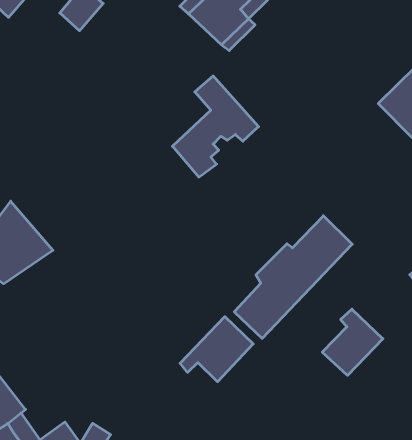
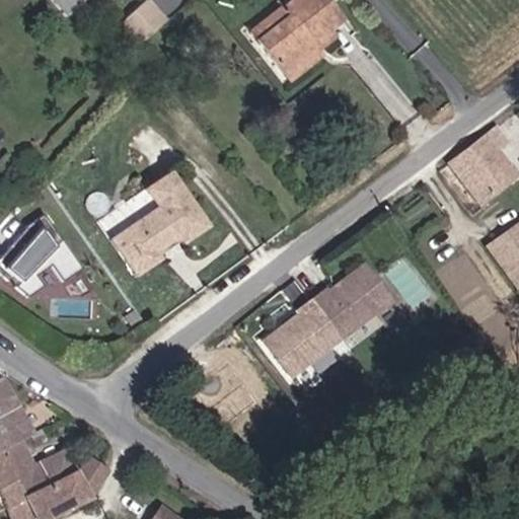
building: [172,76,259,177] -> [115,165,207,269]
building: [322,309,383,375] -> none
building: [180,317,253,382] -> none

